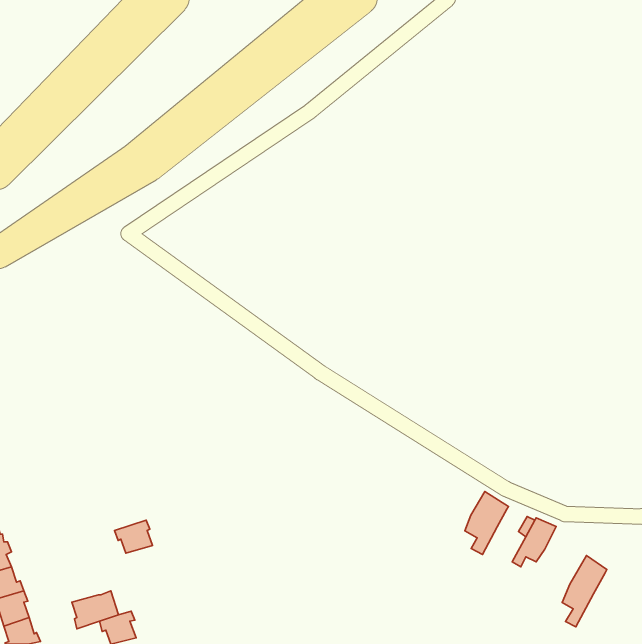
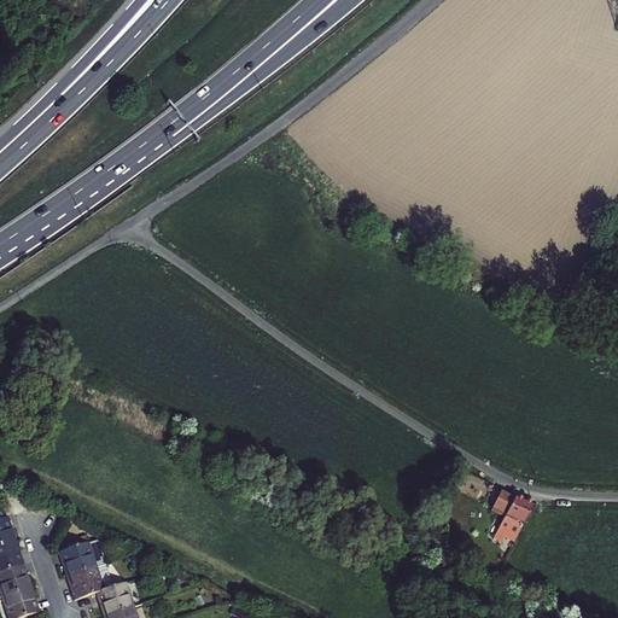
building: [465,491,508,554] -> none
building: [115,520,152,553] -> [58,544,94,576]
building: [562,556,607,627] -> none

